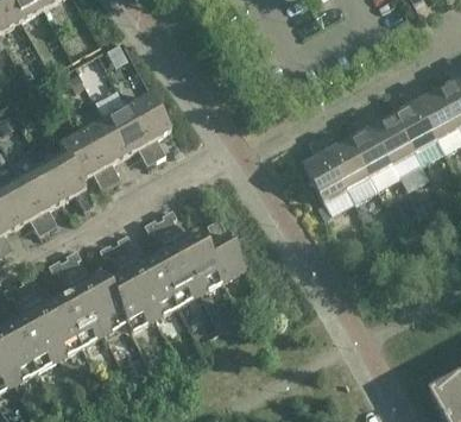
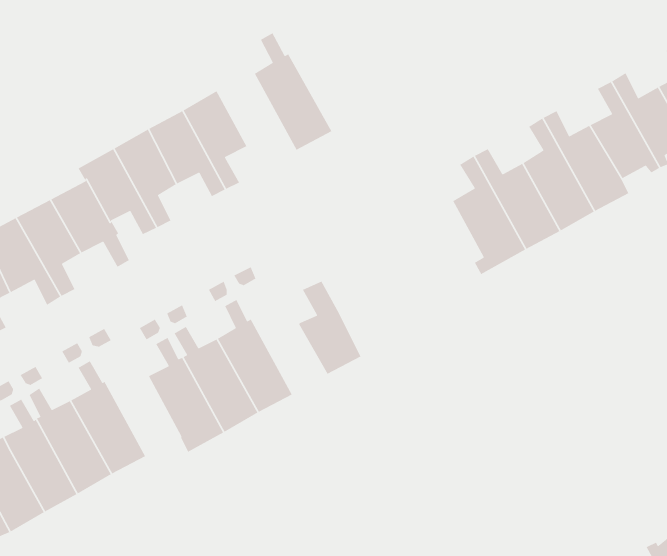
building: none -> [254,32,332,151]
building: [166,222,222,292] -> none
building: [70,263,126,333] -> none

